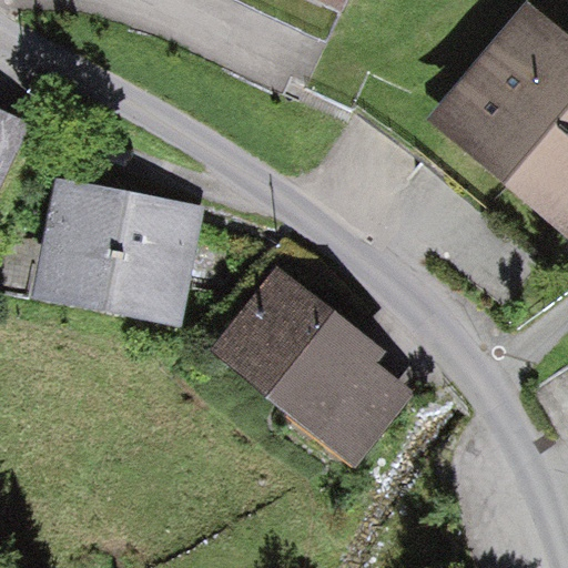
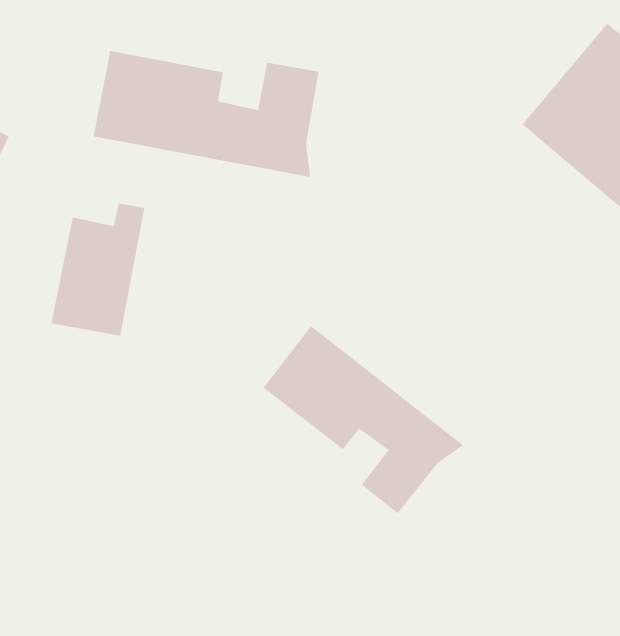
building: none -> [93,50,320,178]
building: [108,191,185,315] -> none

